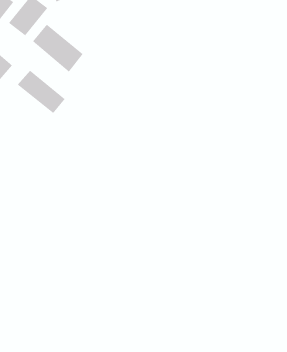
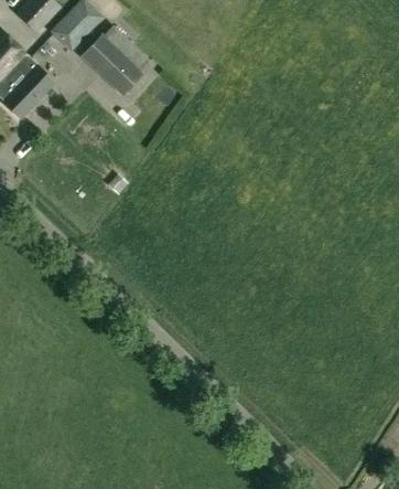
building: [17,70,66,114] -> none

